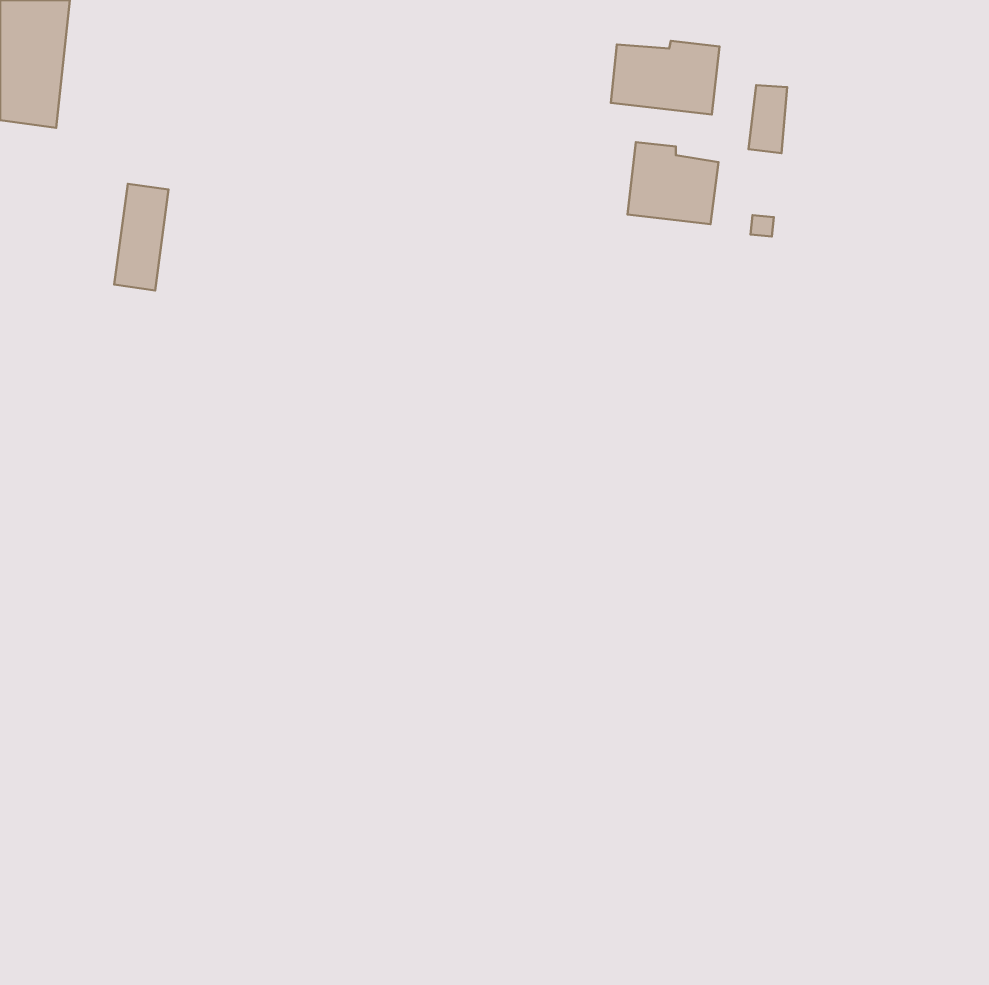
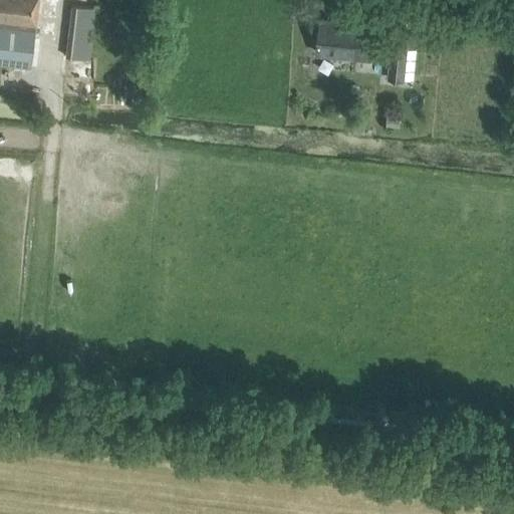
building: [628,142,718,224] -> none
building: [114,184,169,290] -> [66,8,94,63]

